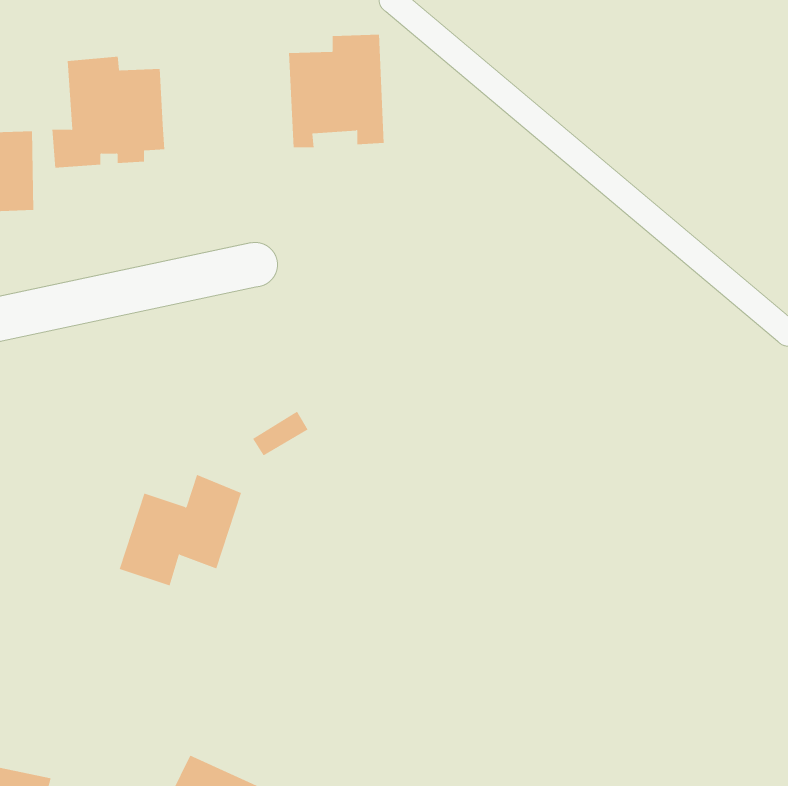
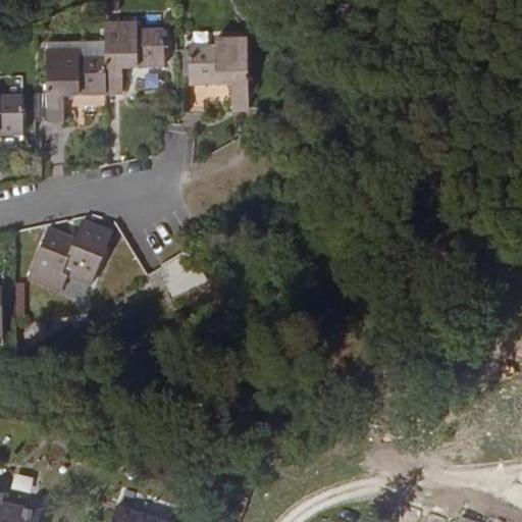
building: none -> [105,15,165,88]
building: [119,474,242,586] -> [24,225,105,299]

